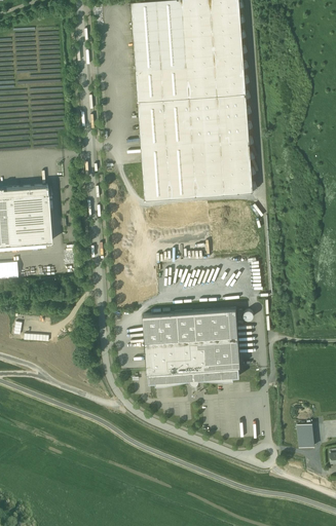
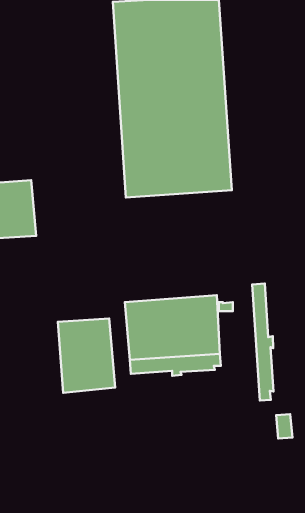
building: none -> [252,284,274,400]
building: none -> [58,318,115,393]

